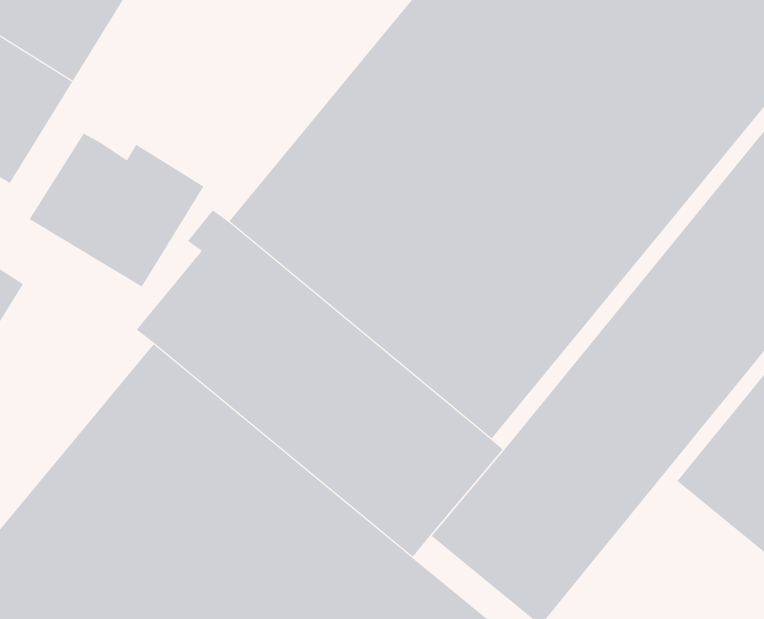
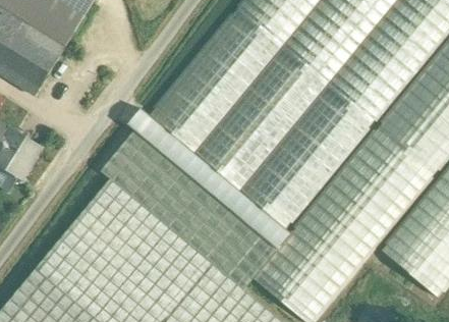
building: [29,133,204,288] -> none

